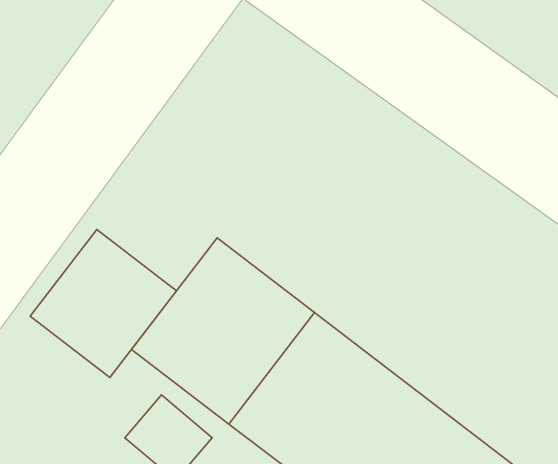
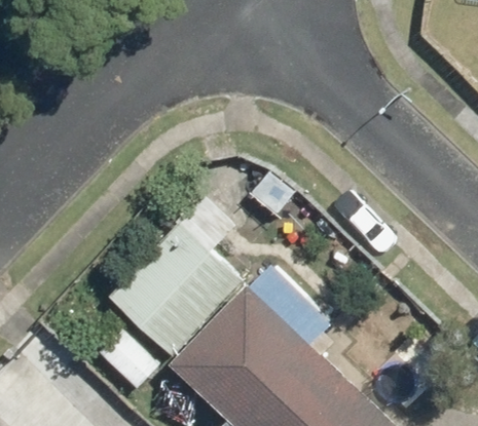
building: [30,229,177,378] -> none

